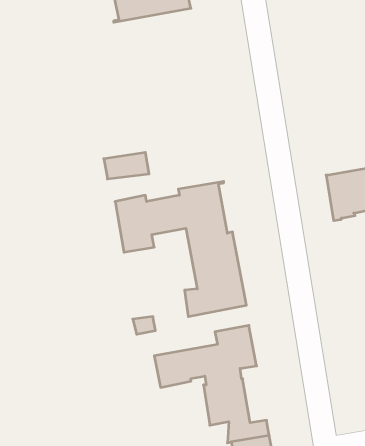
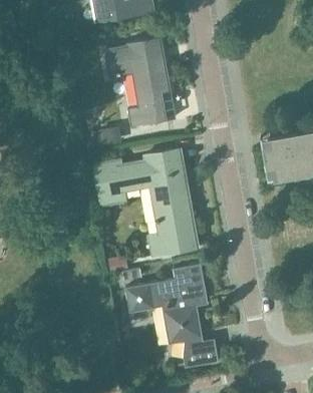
building: none -> [104,37,175,126]

